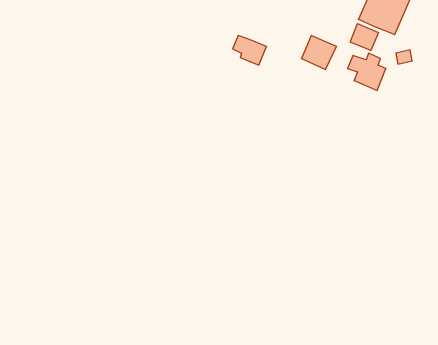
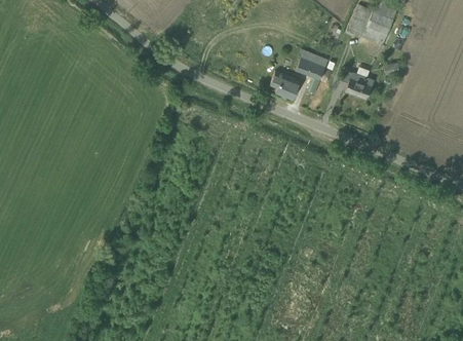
building: [350,24,379,51] -> none
building: [233,36,267,65] -> [269,72,301,100]

